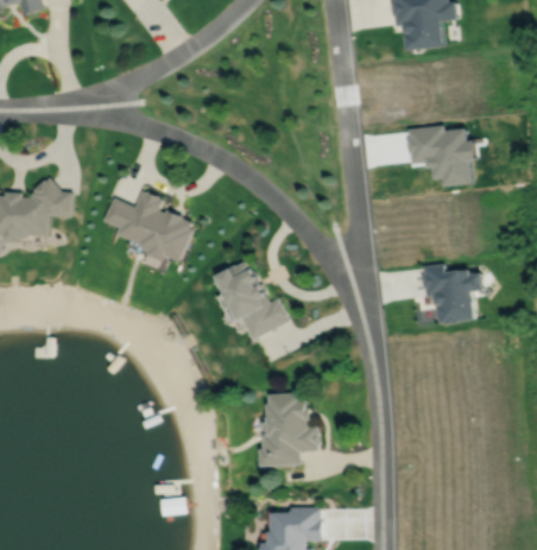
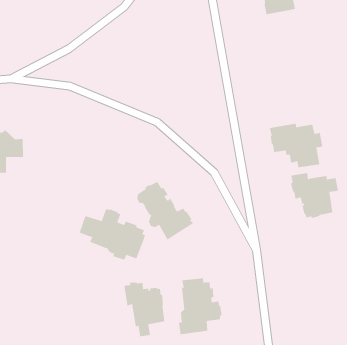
building: [408,126,478,185] -> [269,123,323,168]
building: [103,191,192,261] -> [79,208,146,260]
building: none -> [124,282,165,337]

